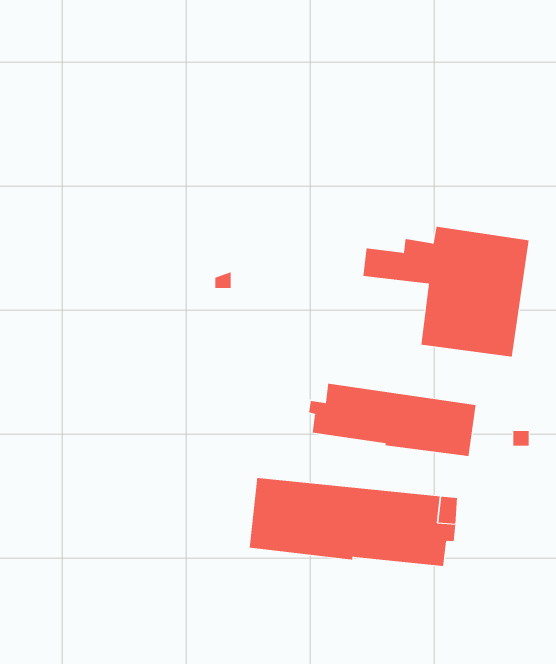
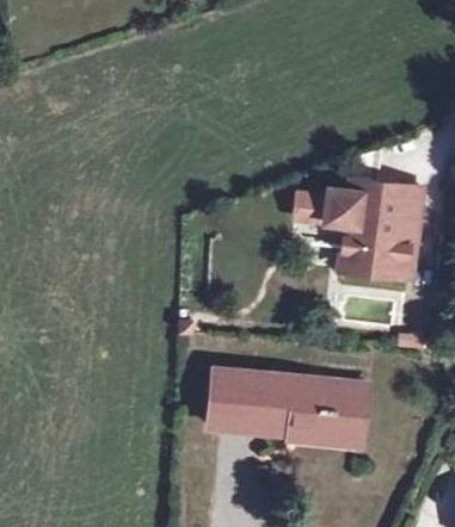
building: [308,383,476,457] -> none

